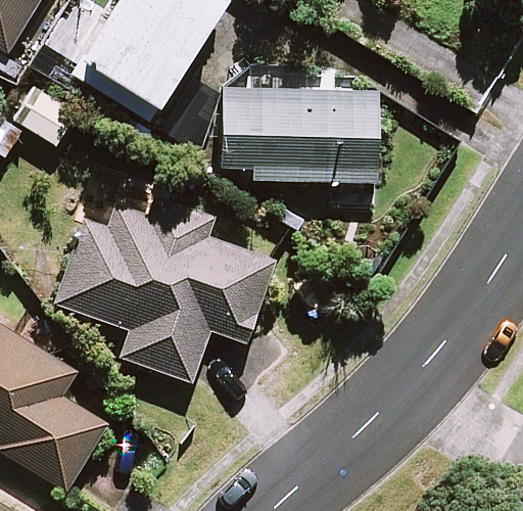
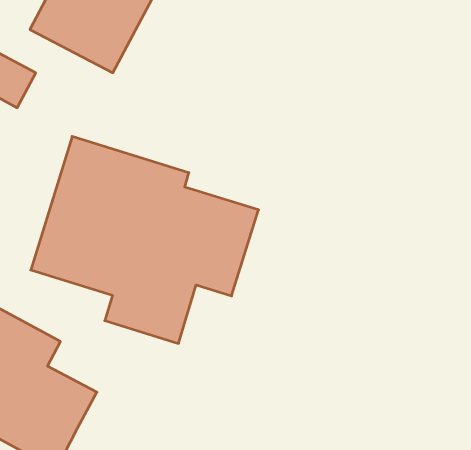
building: [222,87,380,184] -> none

